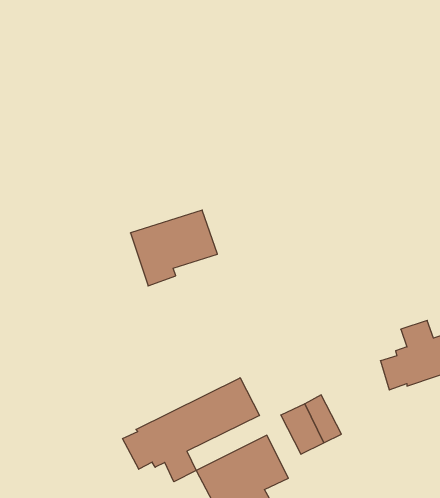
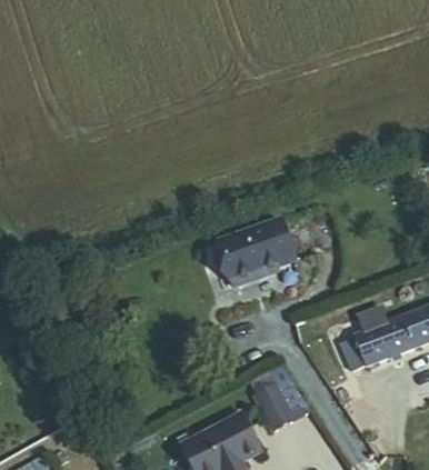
building: [130,210,217,286] -> [219,217,296,283]
building: [123,378,259,482] -> none

